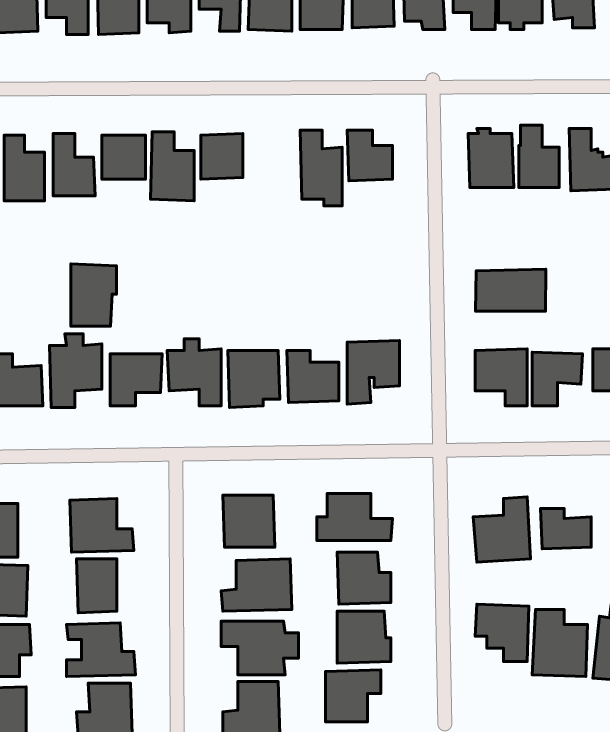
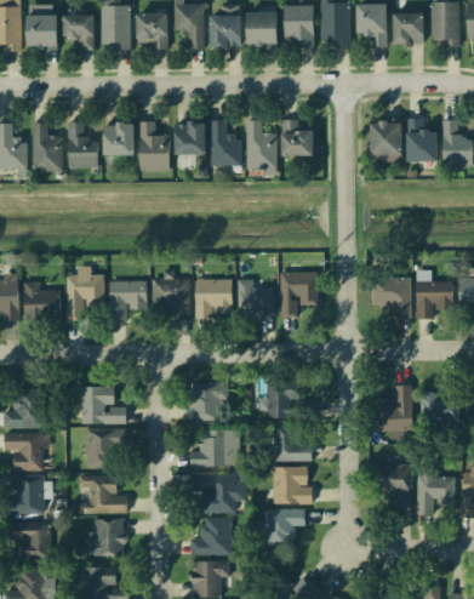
building: none -> [210,120,240,166]
building: [71,264,116,326] -> none
building: [475,269,546,311] -> none

